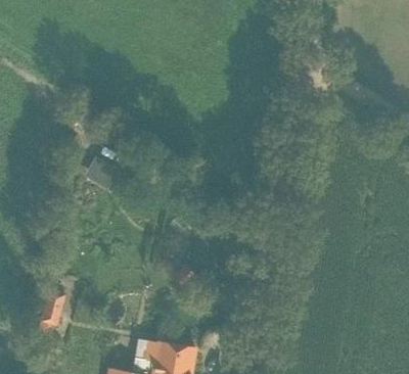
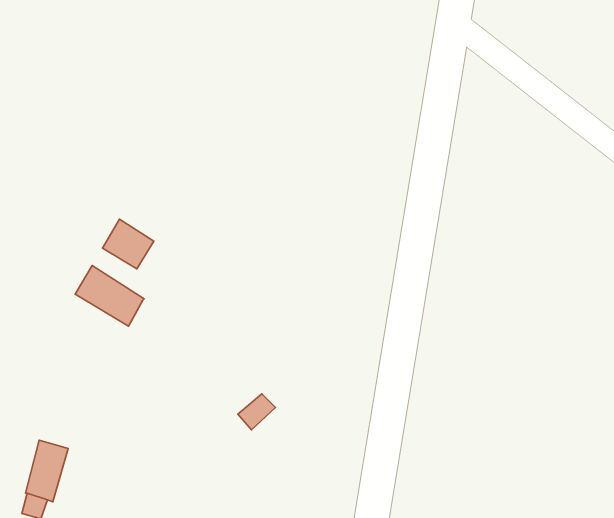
building: none -> [75,266,144,326]

